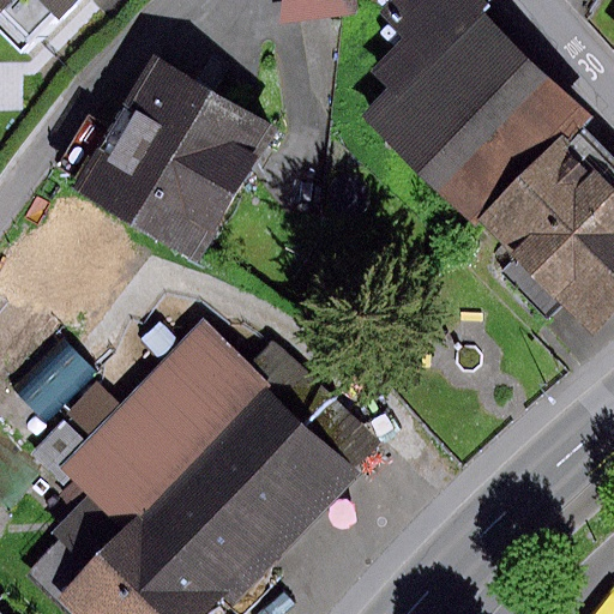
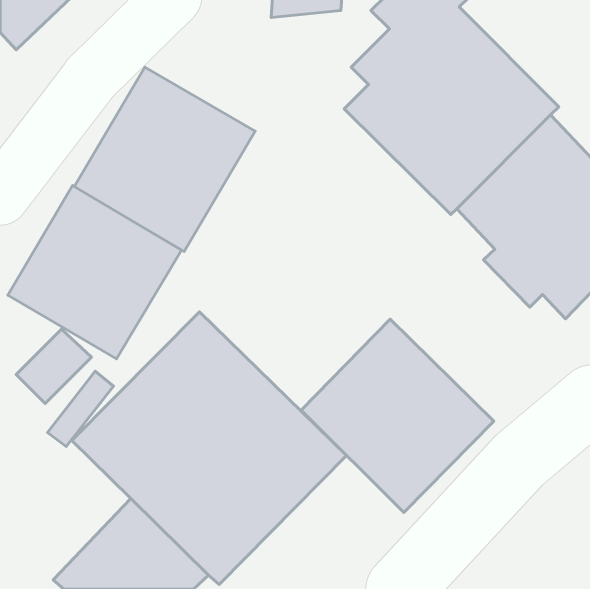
building: none -> [8,186,182,359]
building: none -> [301,319,494,513]

